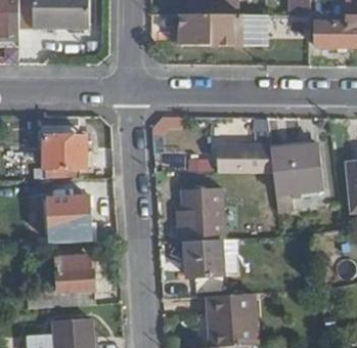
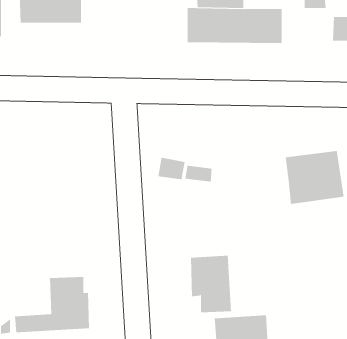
building: [44,138,85,183] -> none
building: [216,146,275,172] -> none
building: [179,187,226,240] -> none
building: [56,195,92,244] -> none

